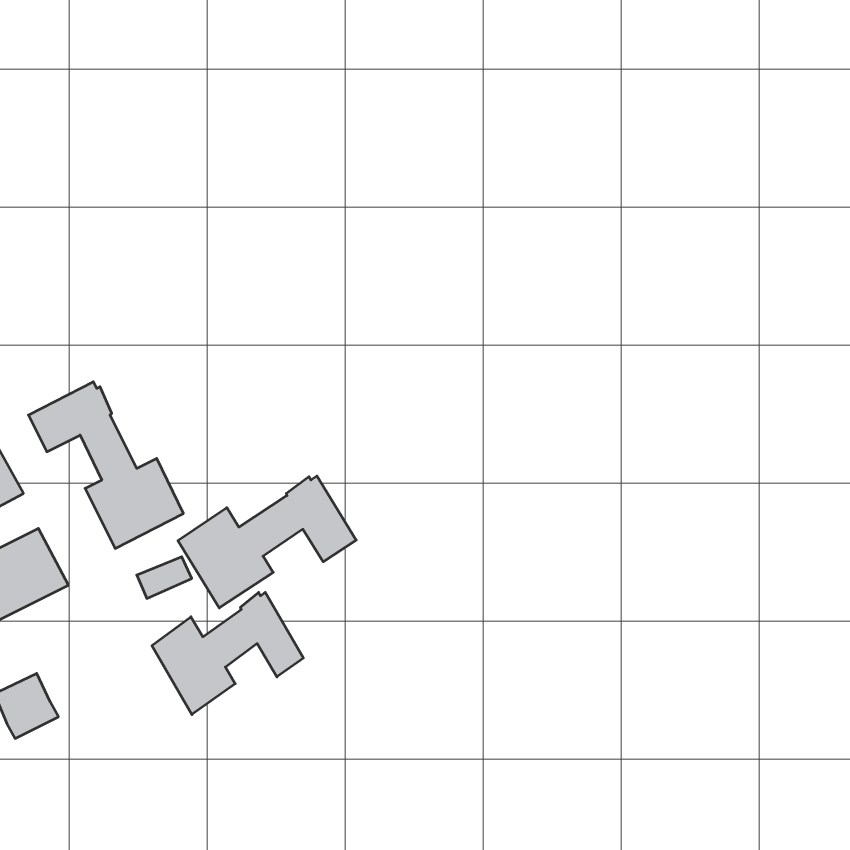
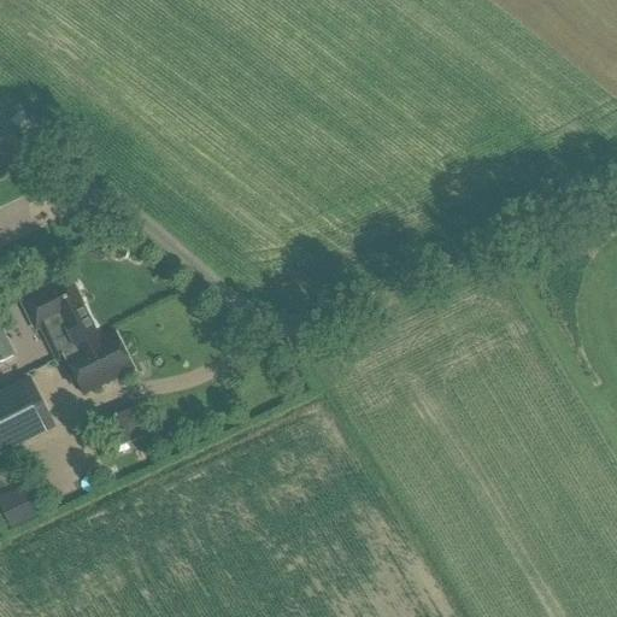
building: [178,476,356,608] -> none
building: [152,592,303,715] -> none

